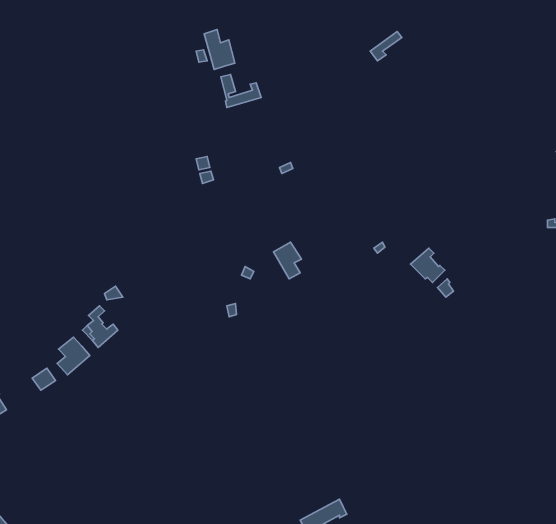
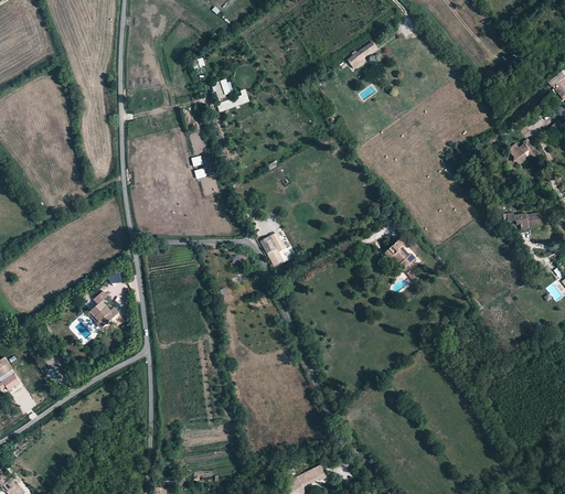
building: [204,30,235,69] -> none
building: [57,337,90,375] -> none

